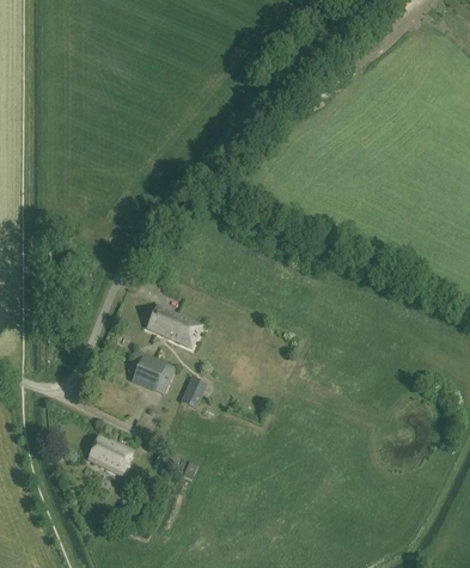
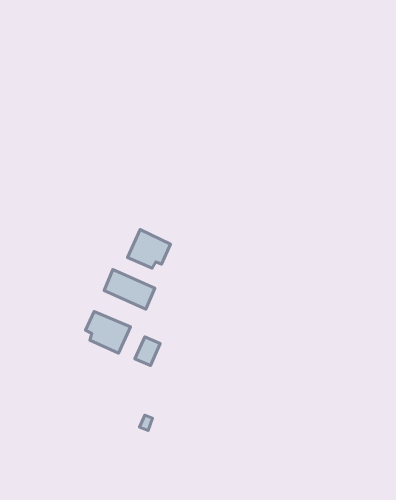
building: none -> [128,229,170,268]
building: [85,438,133,477] -> none

